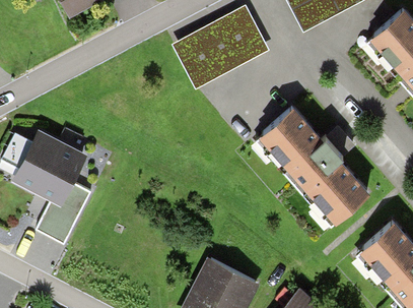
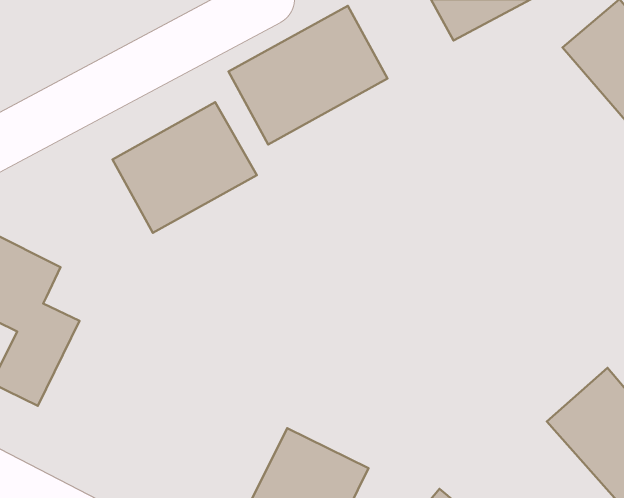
building: none -> [113,102,257,233]
building: [259,105,368,220] -> none

